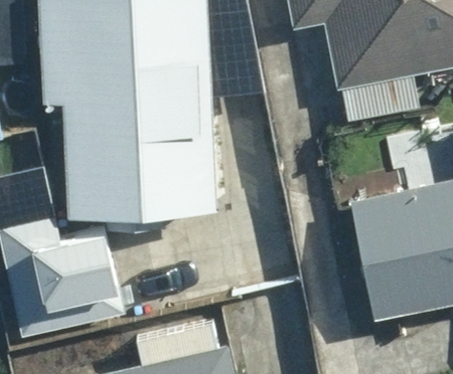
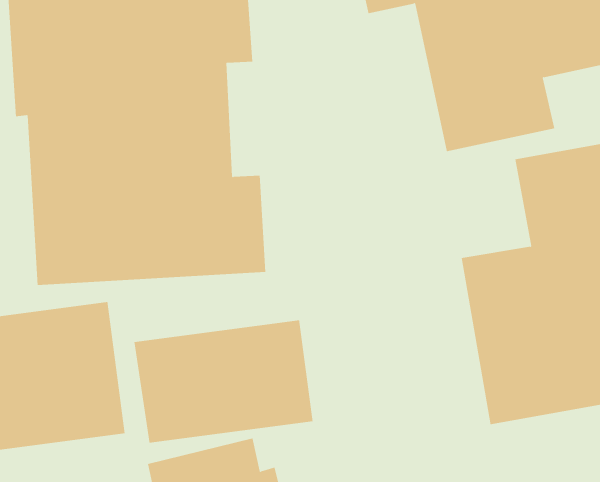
building: none -> [134,319,313,444]

